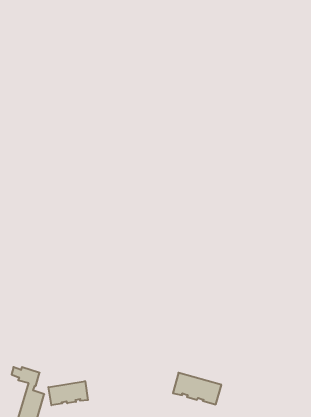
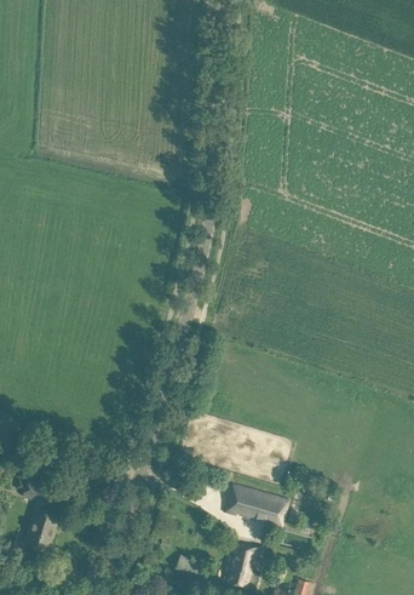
building: [48,381,88,405] -> none

